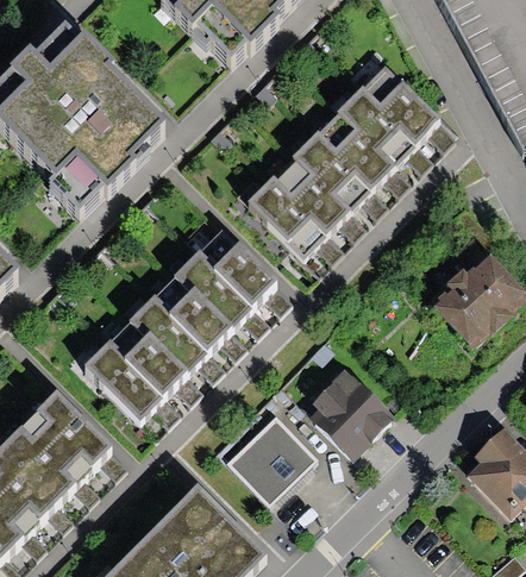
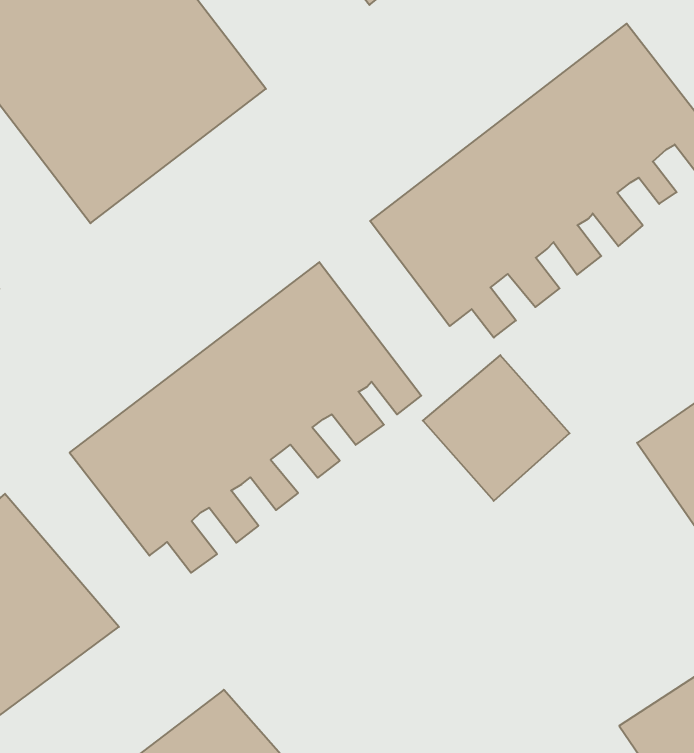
building: [306,374,395,462] -> [423,355,570,501]
building: [224,412,319,504] -> none

